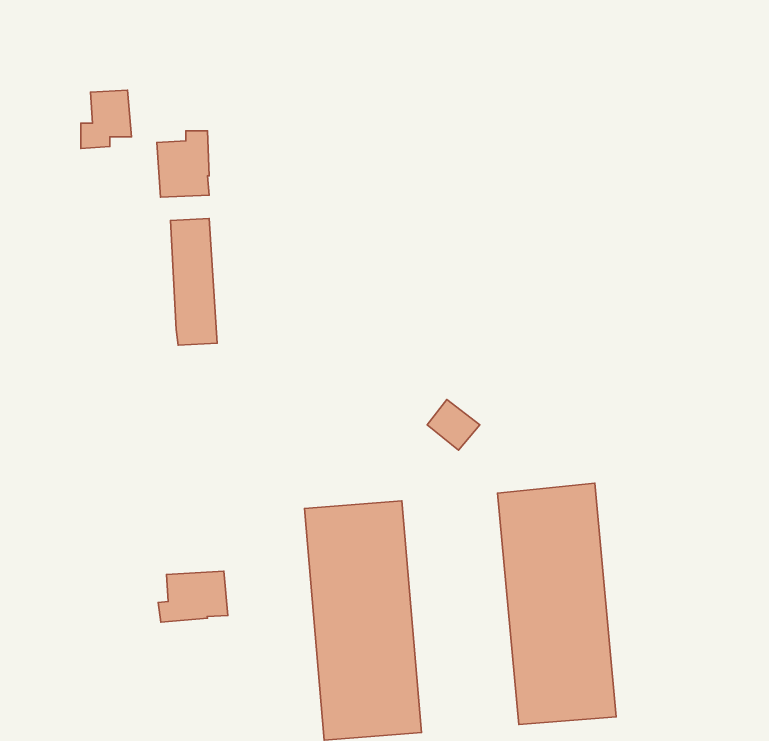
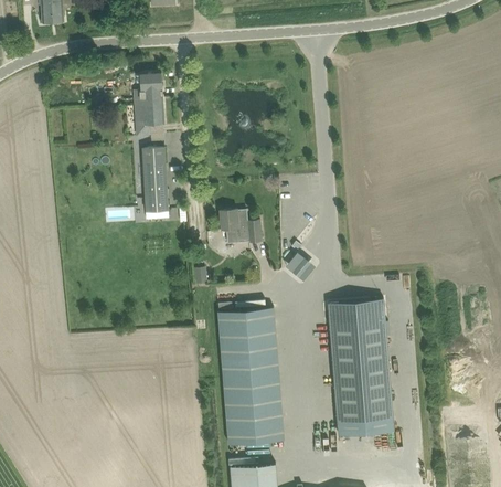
building: [81,90,131,149] -> [134,73,162,106]
building: none -> [218,210,262,245]
building: [158,571,228,622] -> none

